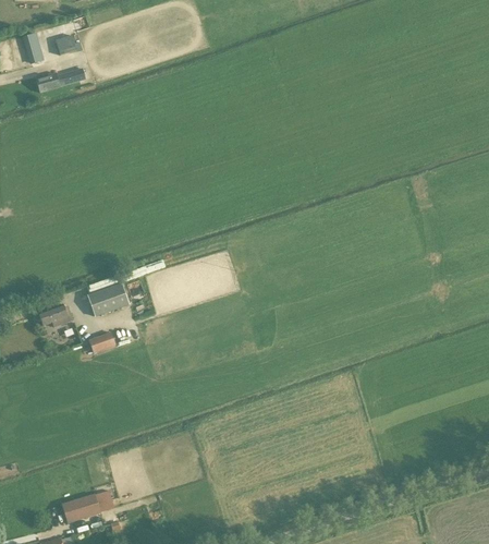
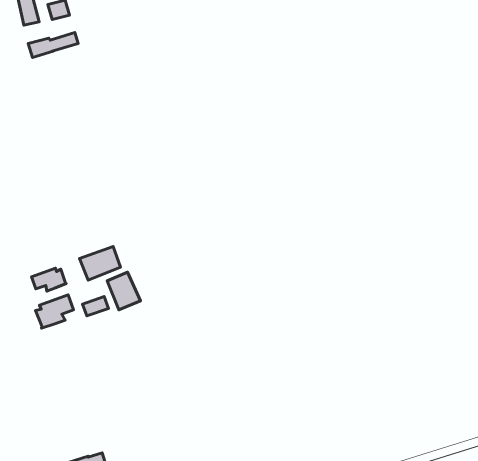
building: none -> [107,272,140,310]
building: none -> [35,295,73,328]

